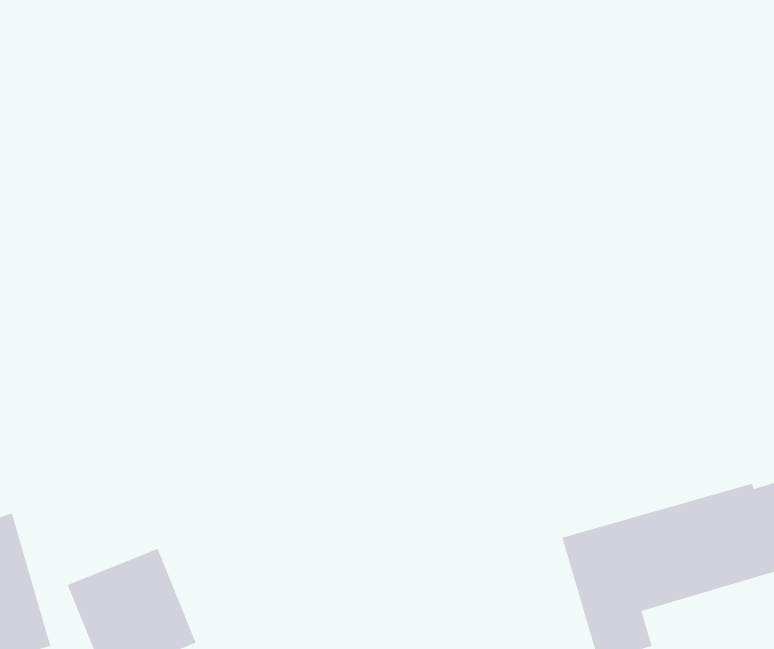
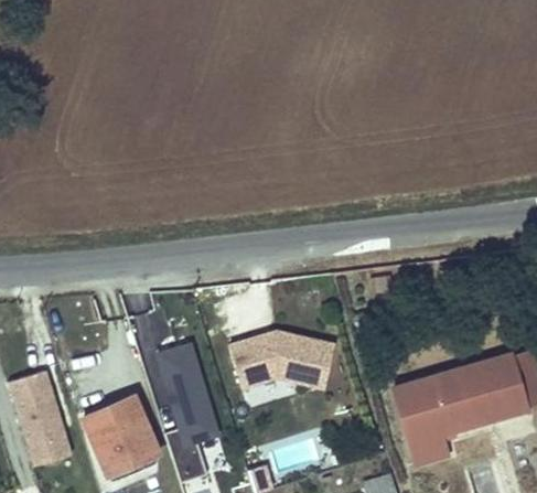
building: none -> [230,330,334,389]
building: none -> [158,344,217,444]

